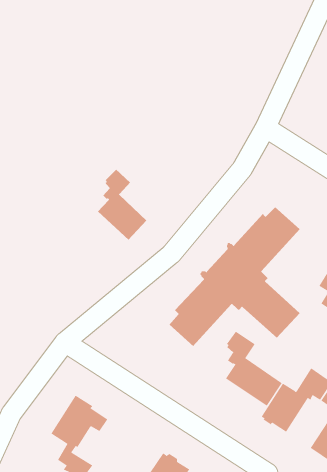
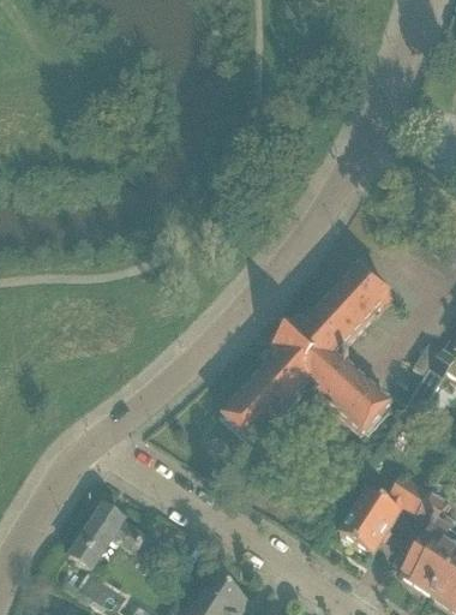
building: [97,169,147,241] -> none
building: [225,331,283,407] -> none

